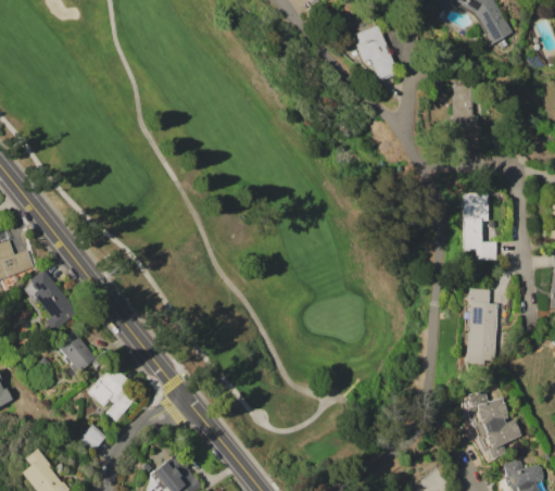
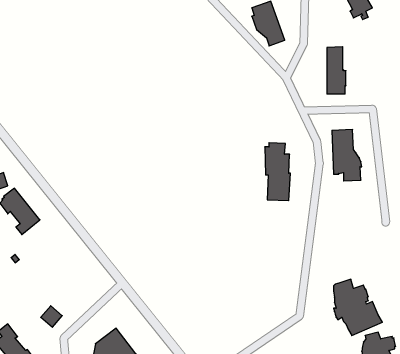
building: [464,288,497,364] -> [265,143,290,201]
building: [58,332,98,380] -> none
building: [87,364,142,421] -> none

